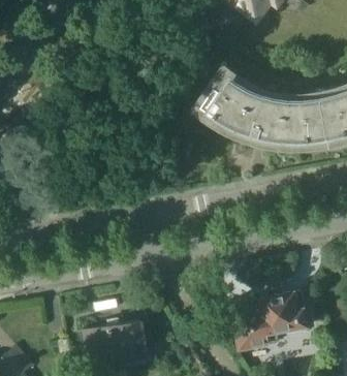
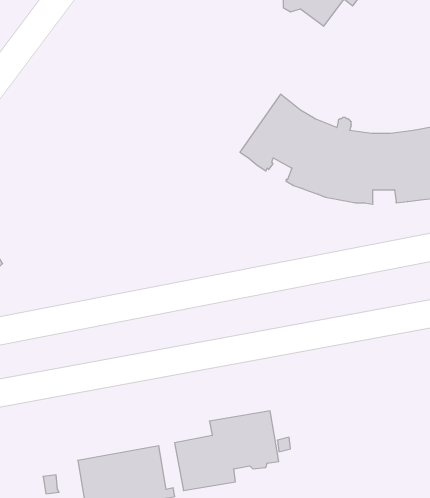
building: [235,290,310,347] -> [175,411,279,491]

